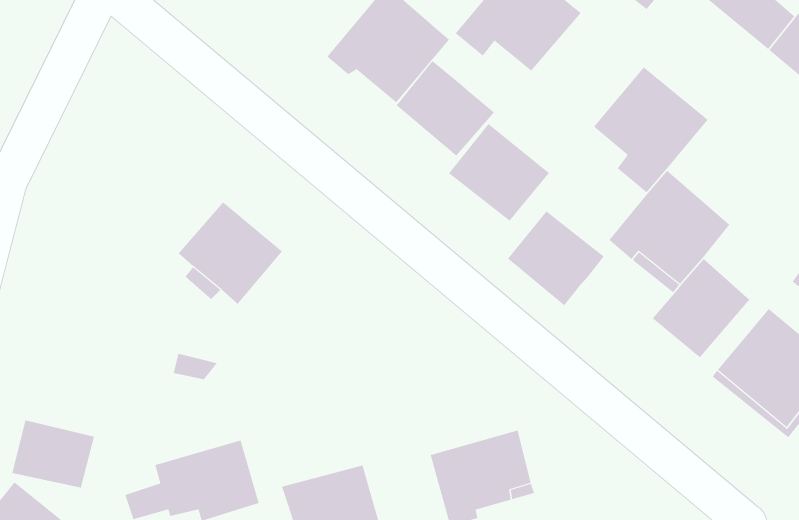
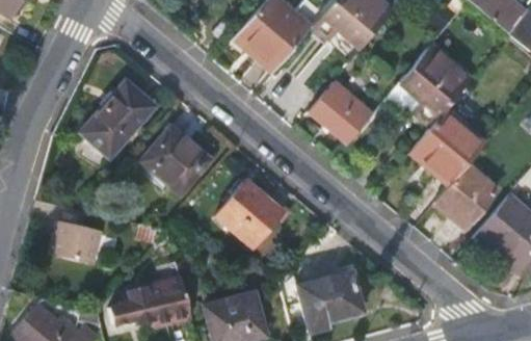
building: [396,60,495,156] -> none
building: none -> [84,85,153,156]
building: [507,210,605,306] -> none
building: none -> [217,182,281,246]
building: [11,420,95,488] -> [51,217,103,260]

